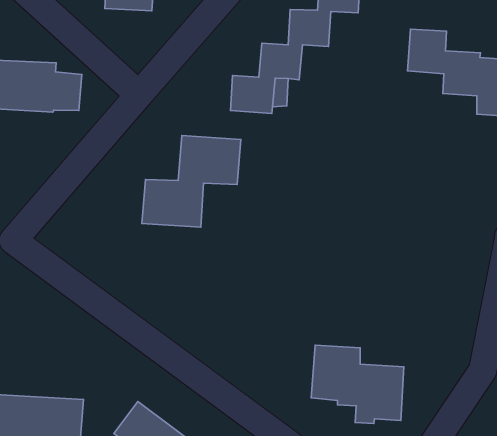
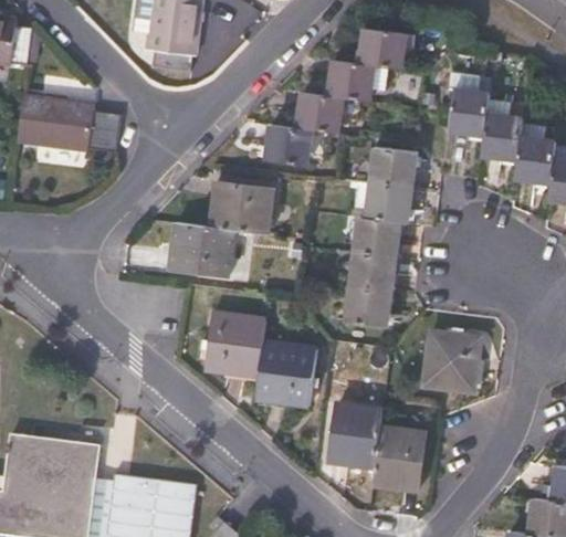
building: none -> [345,148,416,327]
building: none -> [205,313,316,407]
building: none -> [422,330,480,393]

